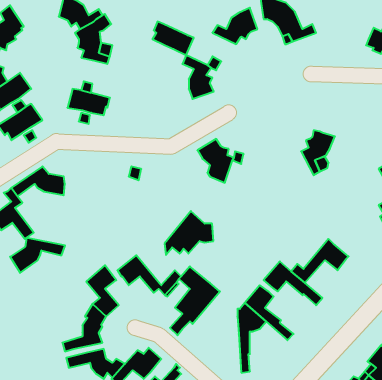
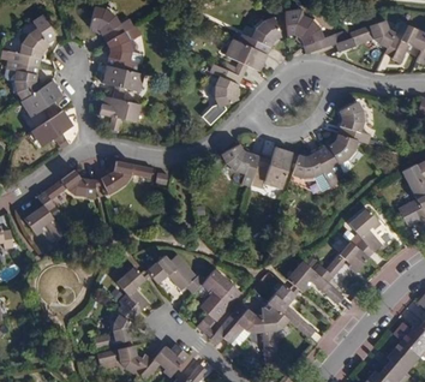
building: none -> [339,20,395,54]
building: [152,22,194,55] -> [227,38,267,71]
building: none -> [101,62,143,89]
building: none -> [335,103,369,144]
building: none -> [264,147,292,187]
building: none -> [291,154,337,190]
building: none -> [351,204,382,256]
building: [165,211,213,255] -> [216,302,263,344]
building: [10,238,65,273] -> [101,160,154,193]

